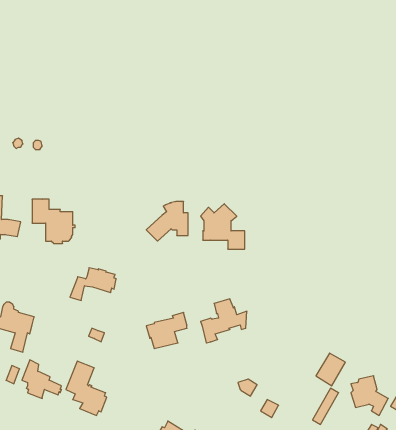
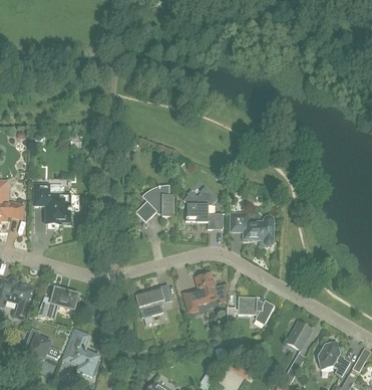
building: none -> [230,212,274,244]
building: [70,268,116,300] -> [38,287,79,317]
building: none -> [227,296,274,324]

